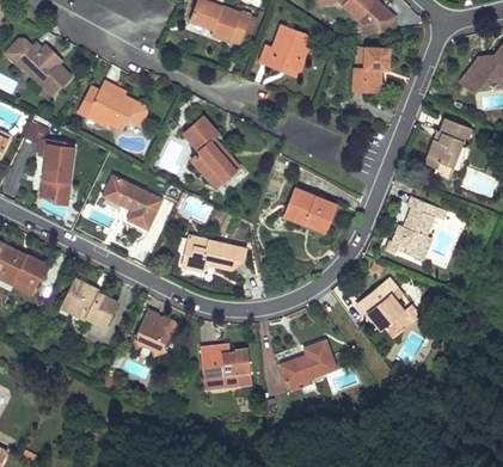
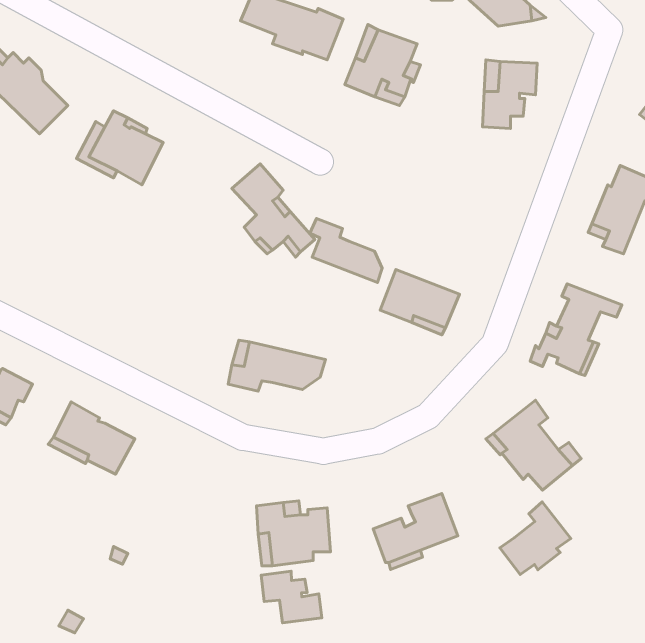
building: [38,140,74,202] -> none
building: none -> [310,218,382,282]
building: [100,174,162,229] -> none
building: [133,308,179,354] -> none
building: none -> [500,502,571,575]
building: none -> [261,571,322,623]

